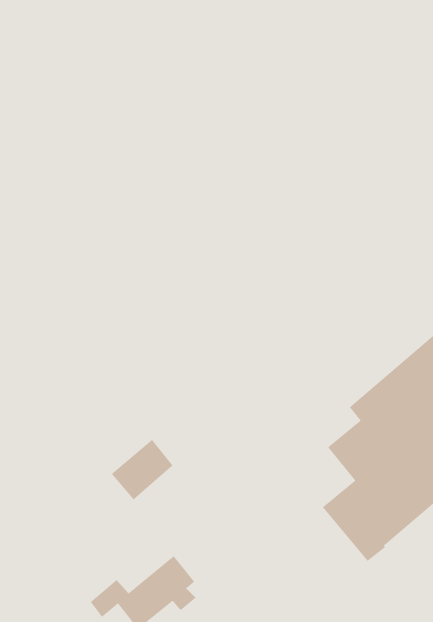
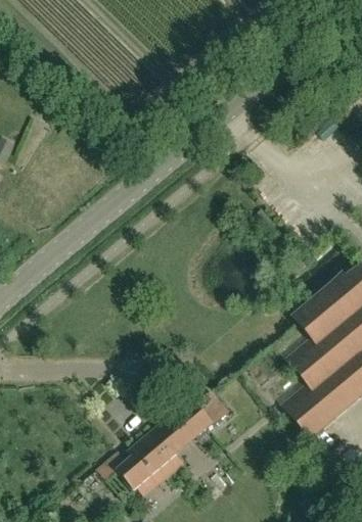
building: [111,439,174,500] -> [181,390,229,437]

